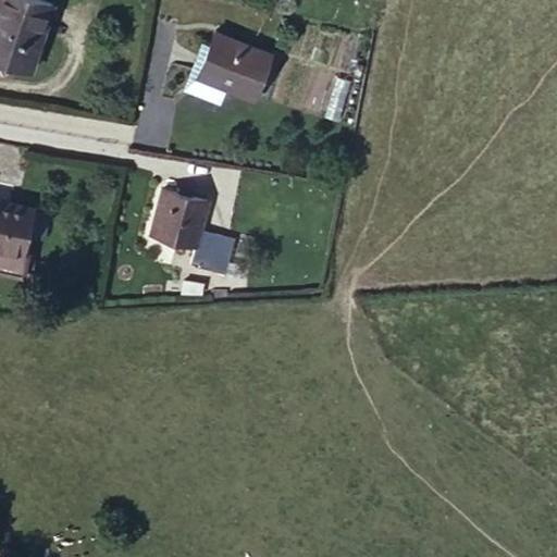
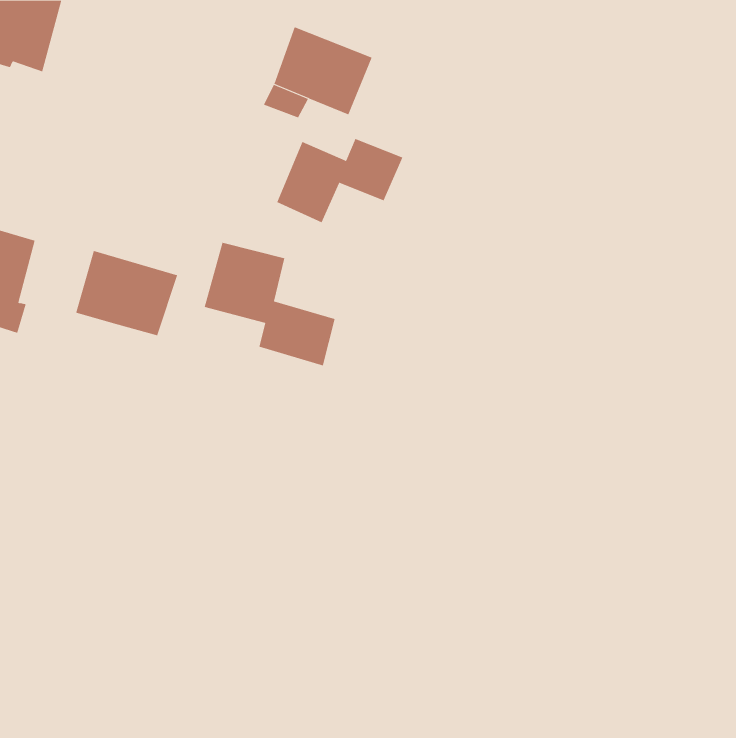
building: none -> [277,138,403,223]
building: none -> [76,250,178,336]

